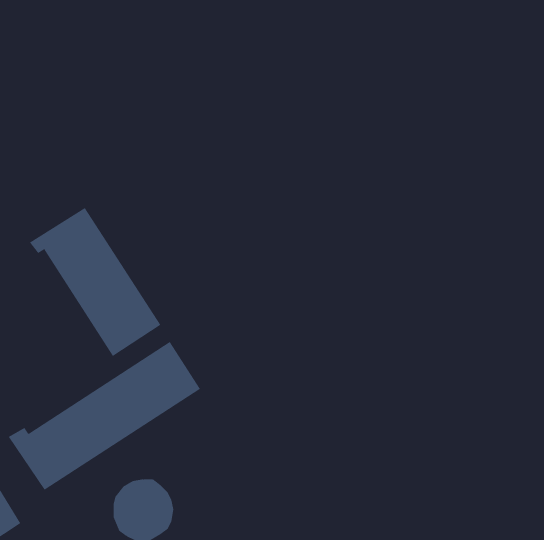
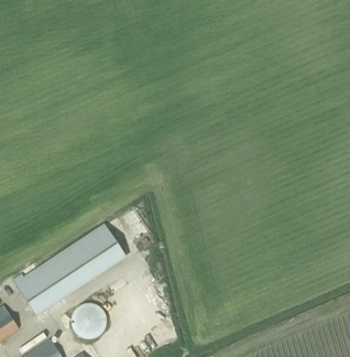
building: [29,207,161,357] -> none

